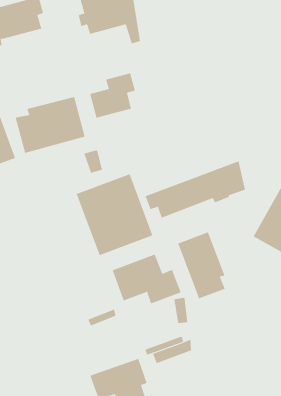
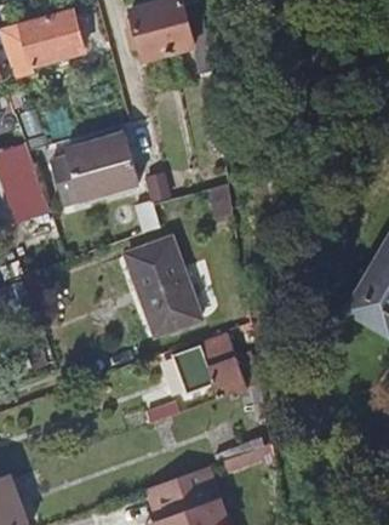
building: [89,72,136,119] -> none
building: [145,161,245,218] -> none
building: [178,232,226,299] -> none

